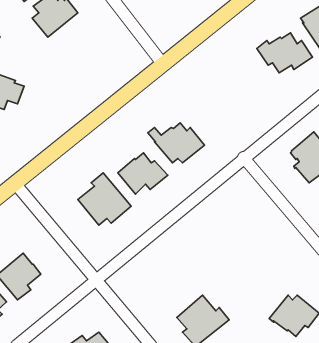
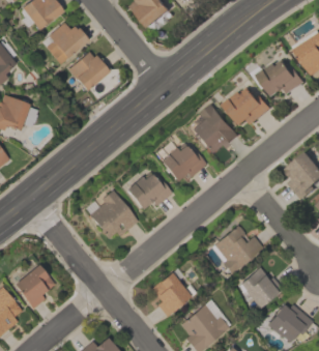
building: none -> [65,51,108,90]
building: none -> [225,87,271,125]
building: none -> [190,104,238,153]
building: none -> [208,225,261,272]
building: none -> [235,266,280,308]
building: none -> [149,271,188,316]

